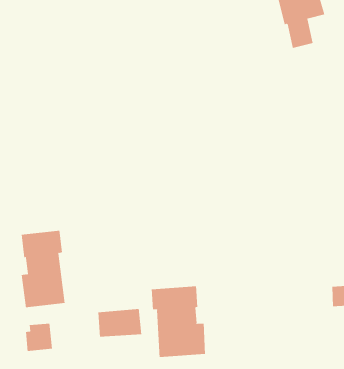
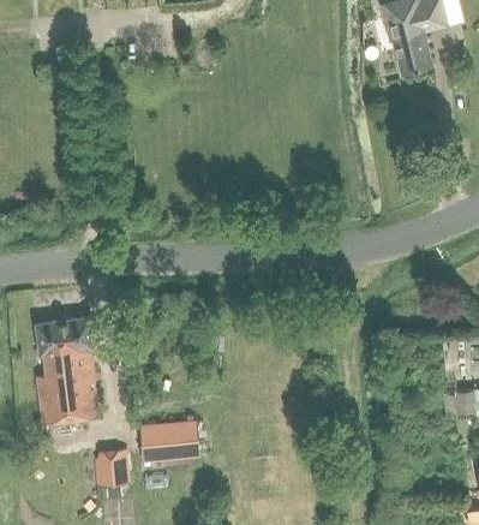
building: [151,286,206,358] -> none
building: [25,323,53,352] -> [94,449,131,488]

